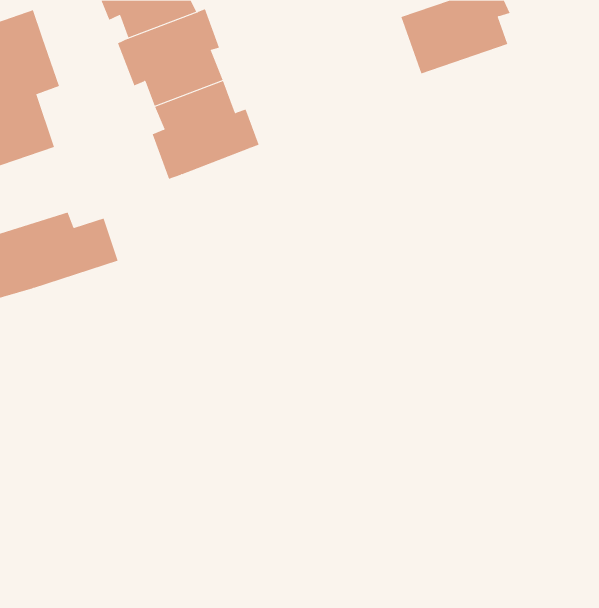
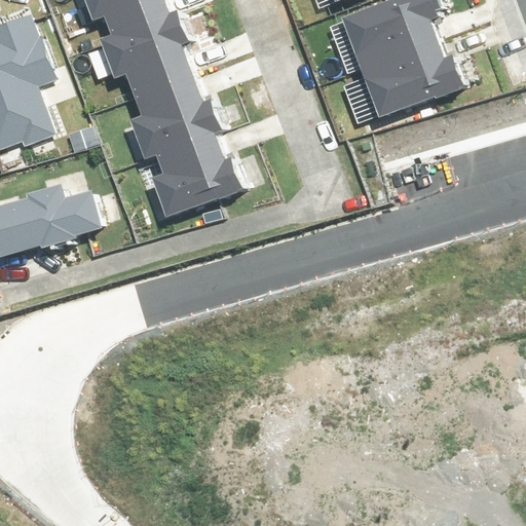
building: none -> [362,41,462,116]
building: none -> [153,130,242,216]

